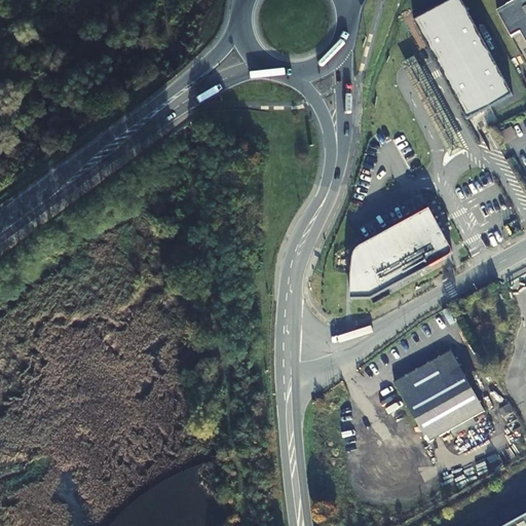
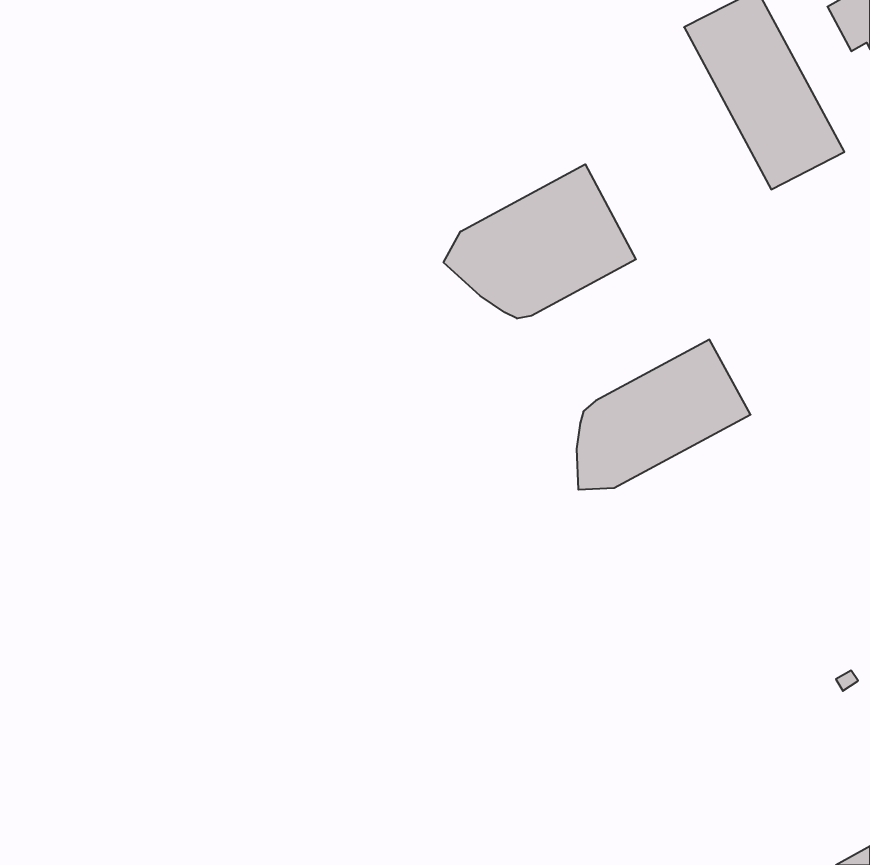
building: none -> [444,164,636,319]
building: [397,349,486,442] -> none

